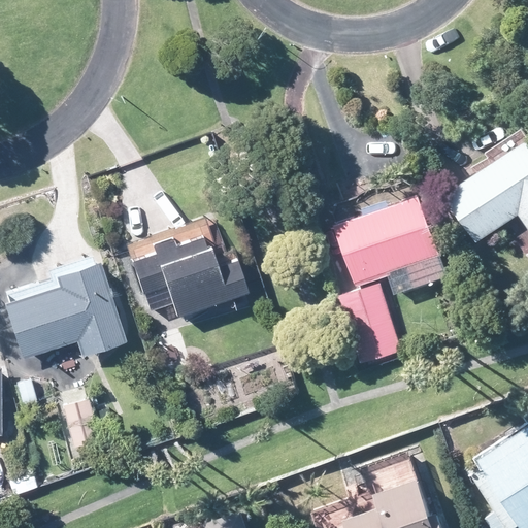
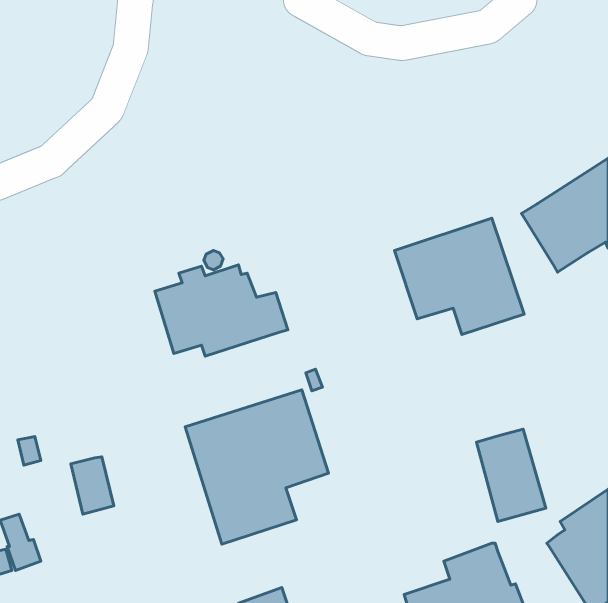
building: [4,261,126,360] -> none
building: [341,287,401,366] -> [476,429,546,521]
building: none -> [185,390,328,544]

